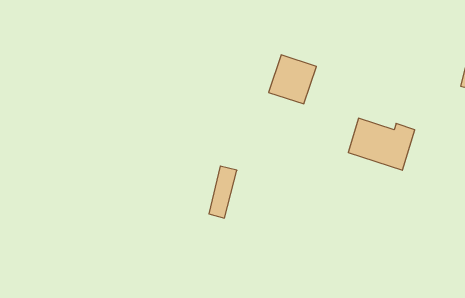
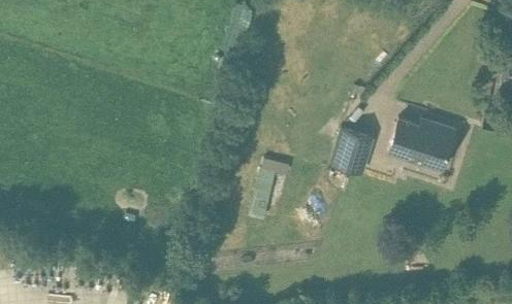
building: [269,55,316,104] -> [327,126,375,174]

